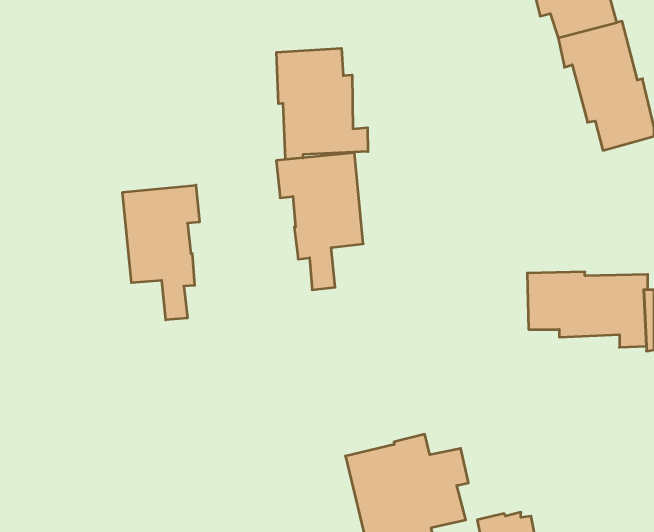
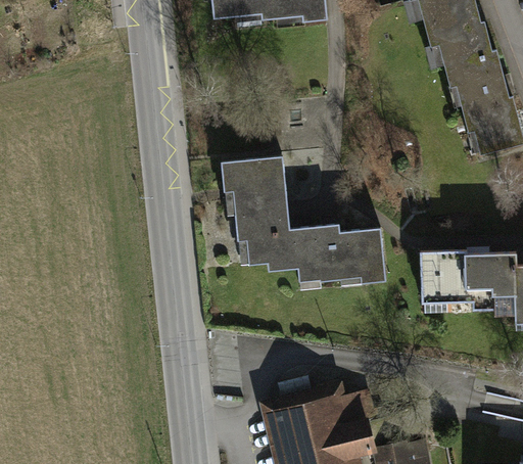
building: [277,48,368,159] -> none
building: [123,185,199,320] -> none
building: none -> [265,224,386,283]

